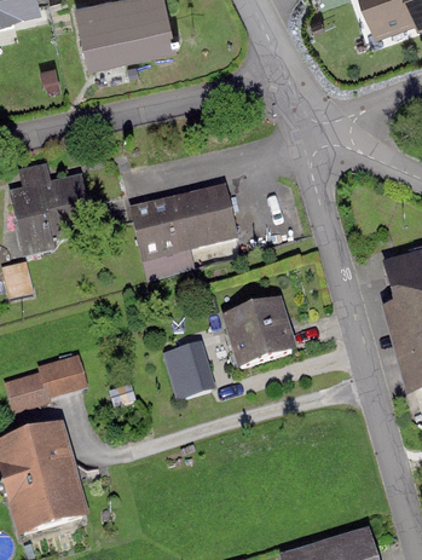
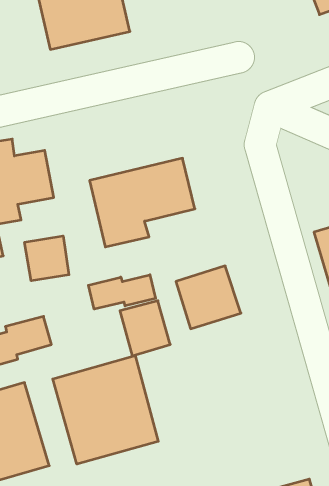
building: none -> [25,236,69,281]
building: none -> [88,275,156,309]
building: none -> [53,355,158,464]

